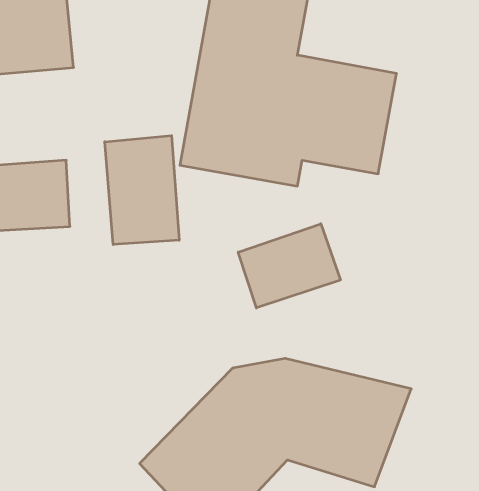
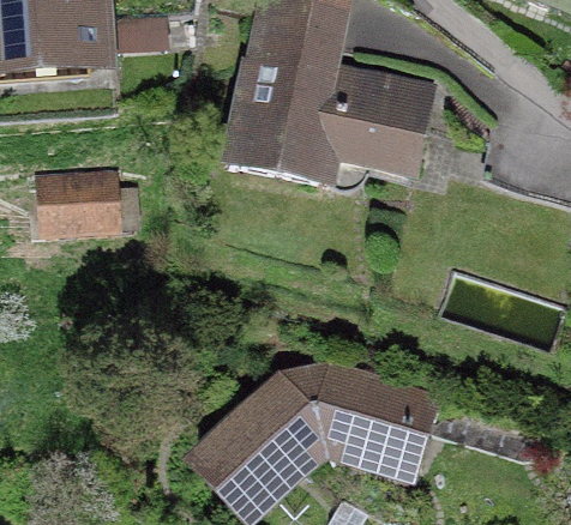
building: [105,136,179,245] -> none
building: [238,224,340,308] -> none

